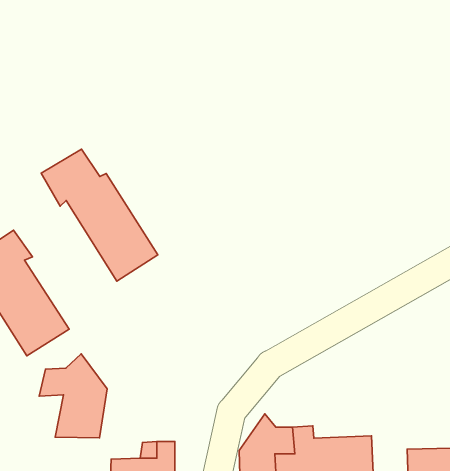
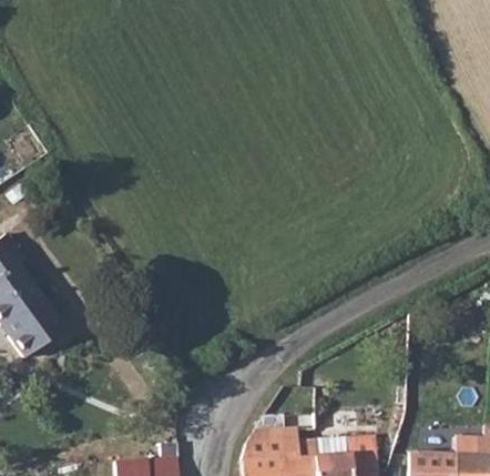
building: [41,149,158,281] -> none
building: [39,354,107,438] -> none

